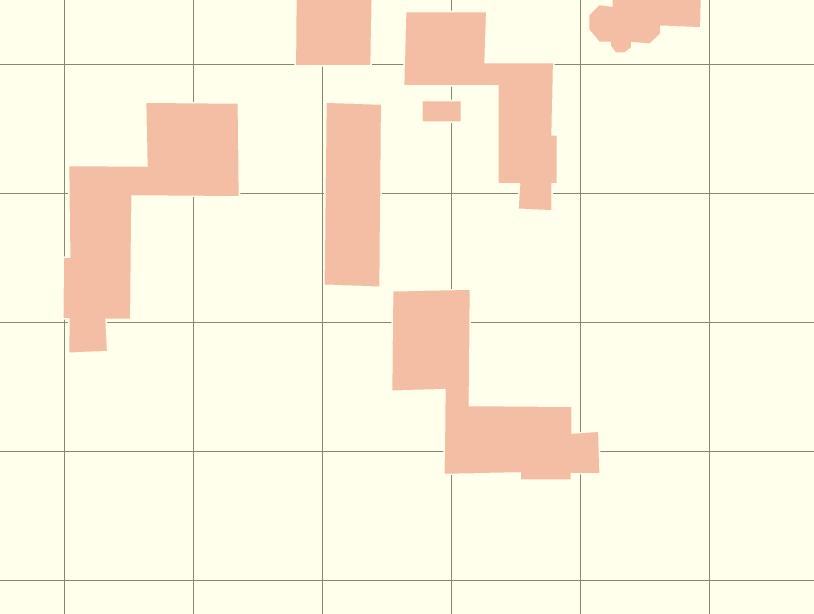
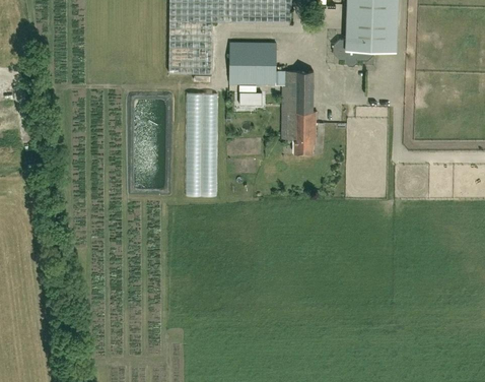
building: [63,102,239,353] -> none
building: [391,289,600,480] -> none

